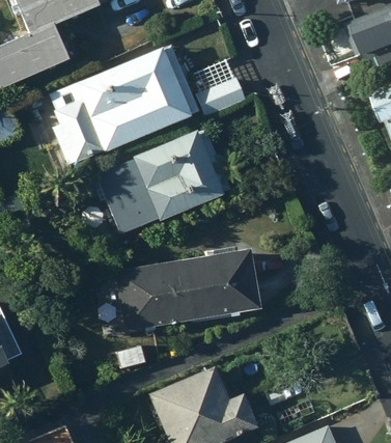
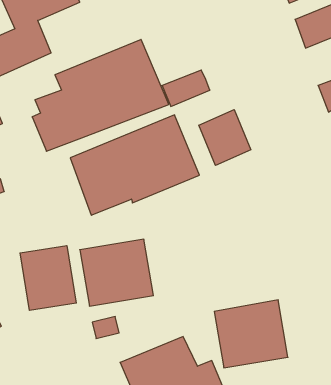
building: none -> [199,110,251,165]
building: [175,248,255,322] -> [214,300,288,368]
building: none -> [20,246,76,310]

